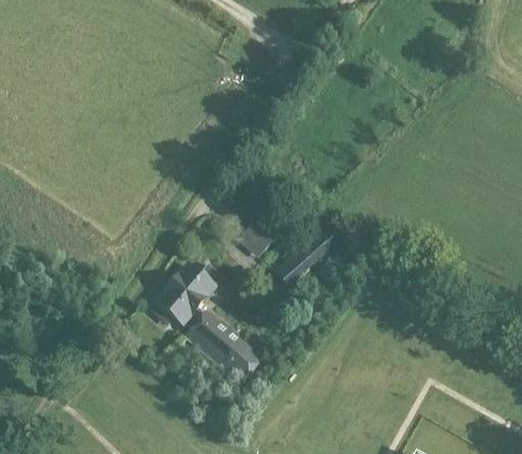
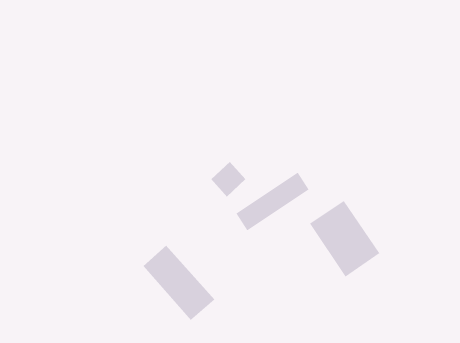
building: none -> [309,200,380,278]
building: [153,263,221,325] -> none

